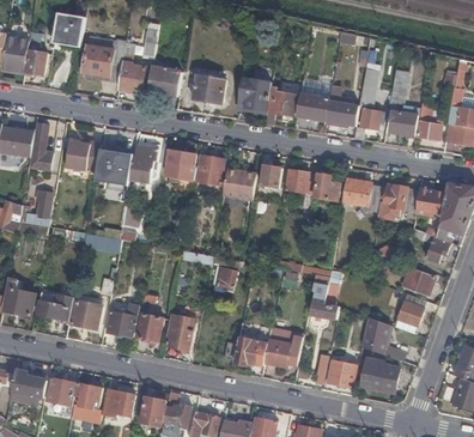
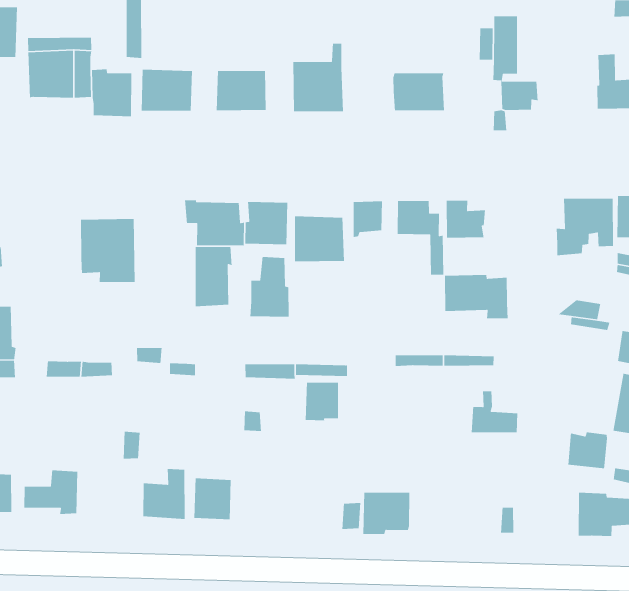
building: [387,71,418,135] -> none
building: [263,85,298,125] -> none
building: [327,87,351,125] -> none
building: [66,141,101,171] -> none
building: [129,145,157,183] -> [195,246,233,307]
building: [341,178,382,211] -> [444,274,508,319]
building: none -> [250,256,289,318]
building: [71,301,102,328] -> none
building: [165,315,192,352] -> none
building: [263,327,303,366] -> none
building: [327,360,356,388] -> none

